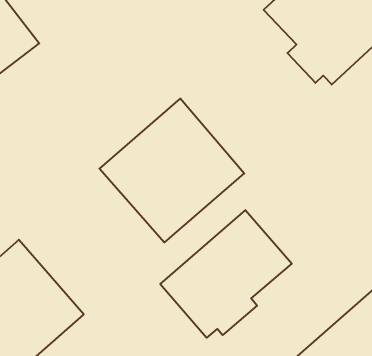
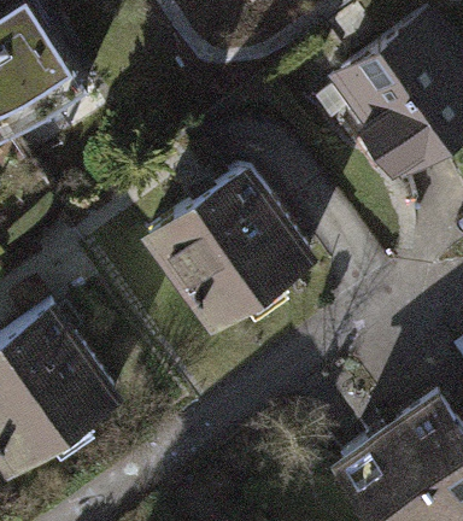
building: [160,210,292,338] -> none

